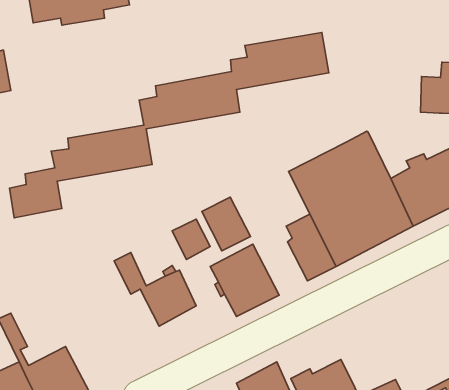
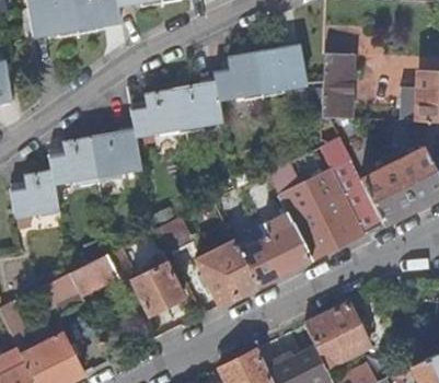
building: none -> [323,50,354,117]
building: [202,197,250,251] -> [241,237,286,287]
building: none -> [35,255,118,314]
building: none -> [307,302,370,368]

